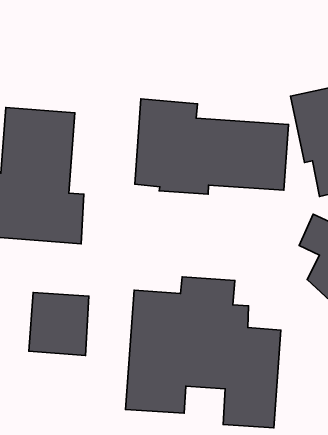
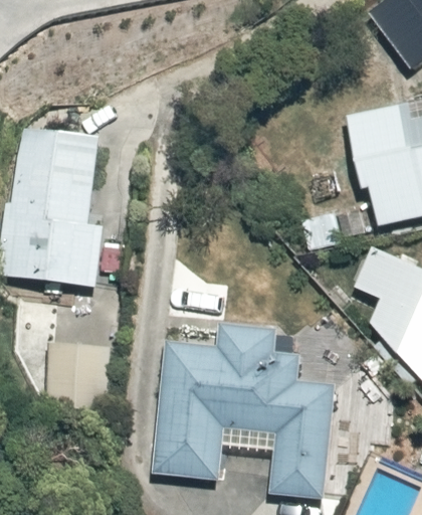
building: [135,99,288,194] -> none

